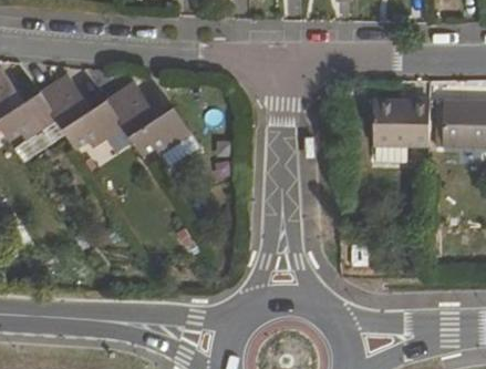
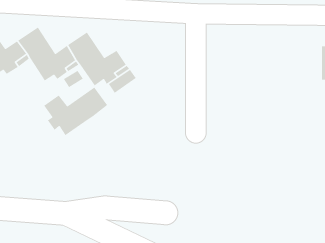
building: [372,98,430,158] -> none
building: none -> [43,86,108,136]

